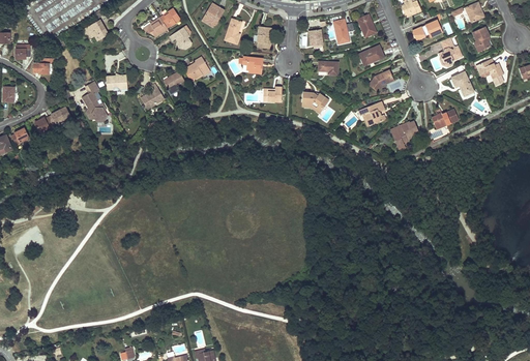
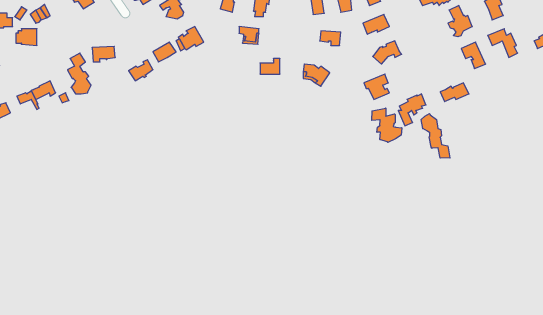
building: none -> [372,108,402,142]
building: none -> [421,114,450,158]

